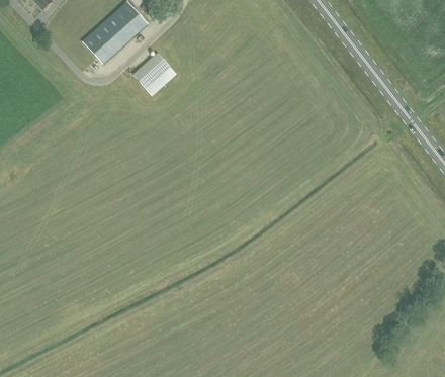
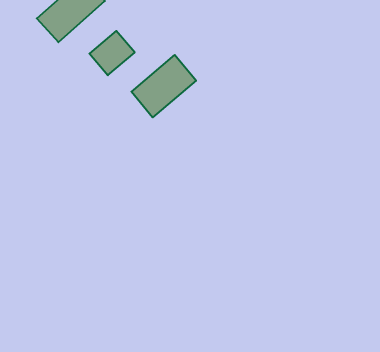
building: none -> [131,55,196,117]

